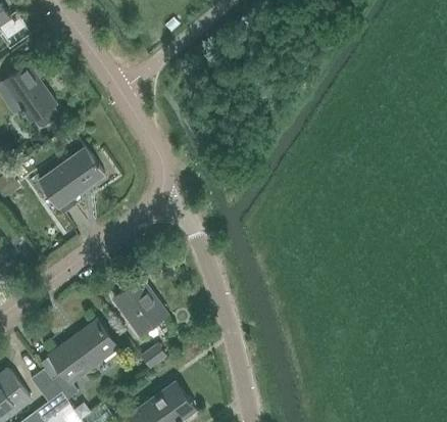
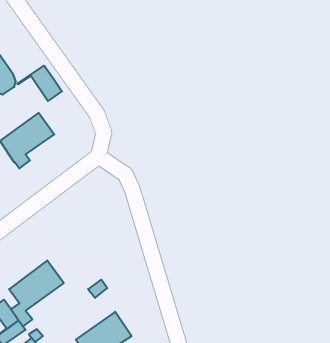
building: none -> [17,66,62,101]
building: [113,280,166,335] -> none

